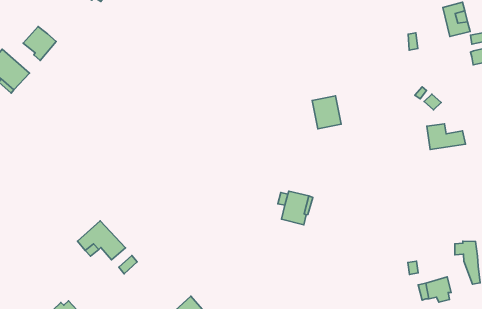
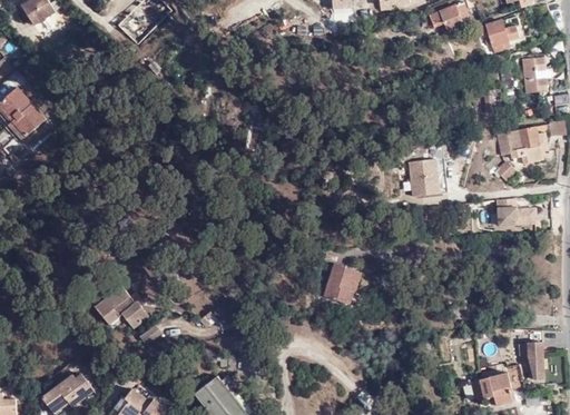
building: [23,26,56,60] -> none
building: none -> [492,129,542,162]
building: [312,96,341,129] -> [406,158,438,194]

